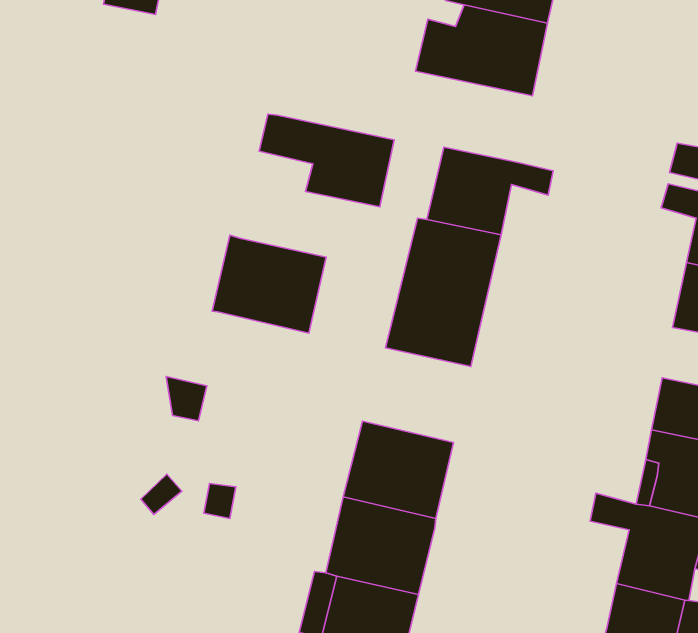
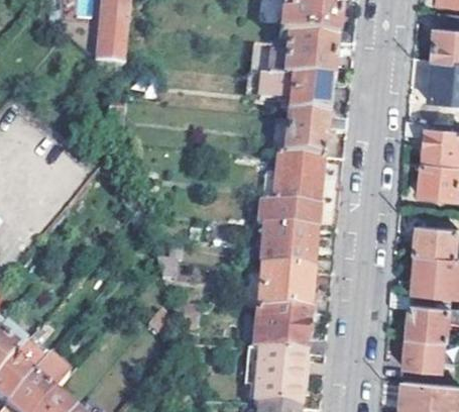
building: [259,114,394,207] -> [260,71,331,112]
building: [212,235,326,333] -> [260,218,317,265]

